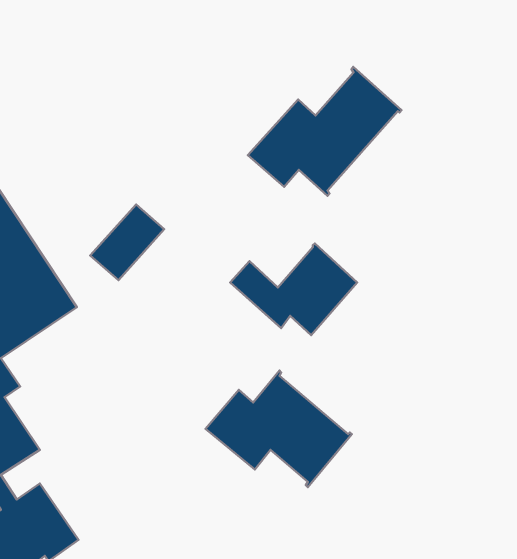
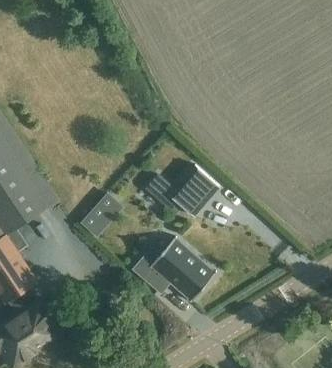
building: [248,67,401,196] -> none
building: [90,204,164,280] -> [80,193,122,236]

